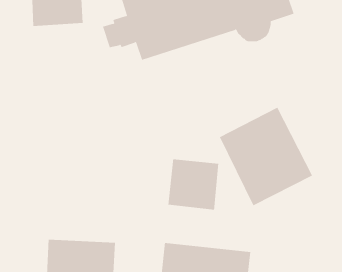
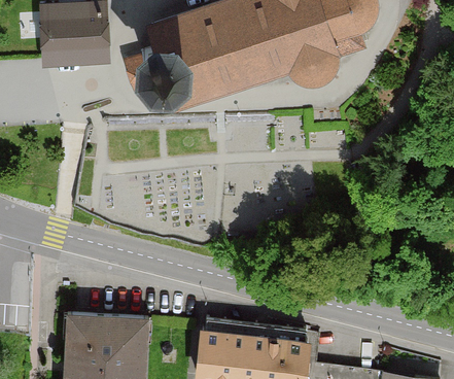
building: [219,107,313,206] -> none
building: [168,159,219,211] -> none

